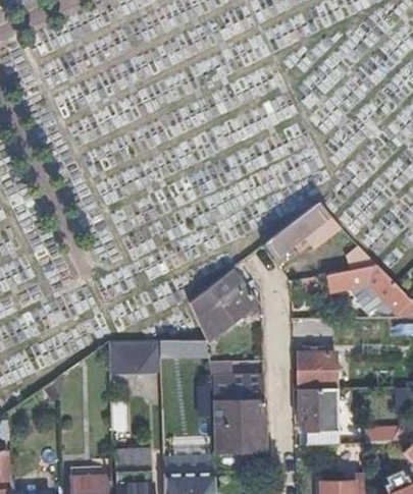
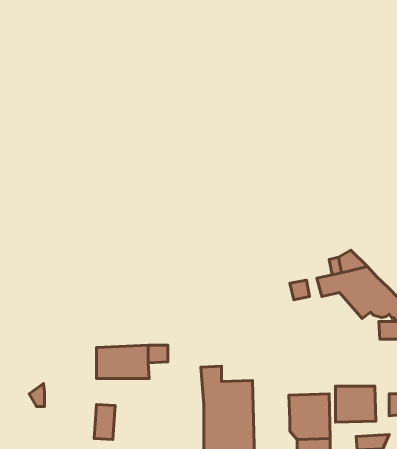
building: [265,204,335,266] -> none
building: [190,269,257,340] -> none
building: [299,354,339,390] -> [335,386,376,422]

